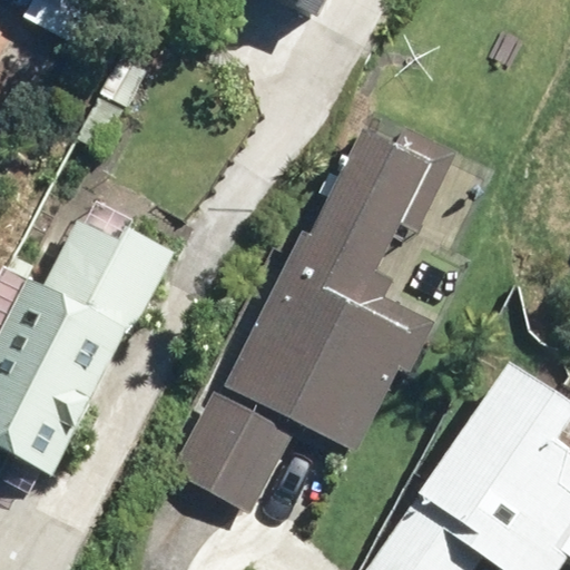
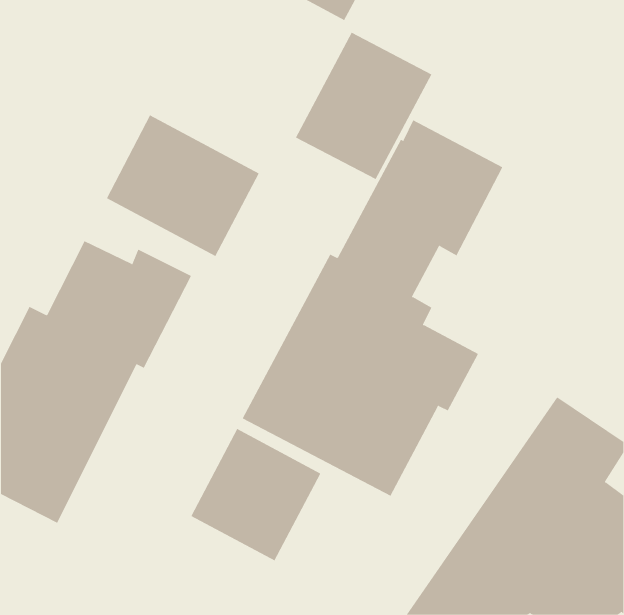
building: none -> [295,32,432,180]
building: none -> [106,115,260,257]

